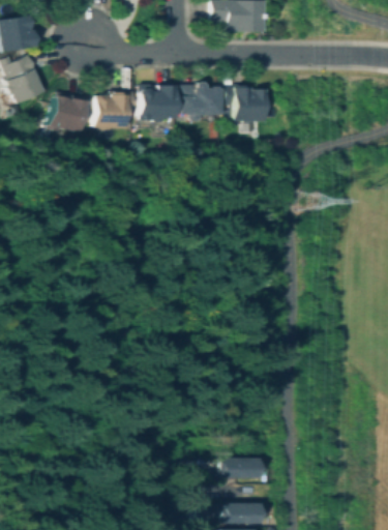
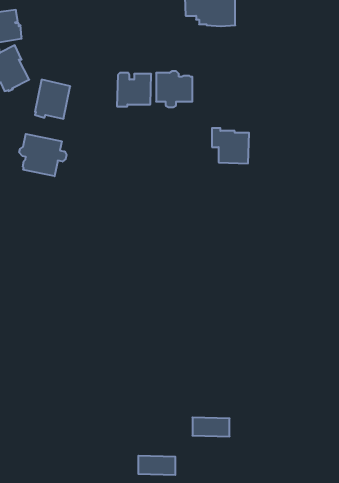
building: [228,84,268,122] -> [212,128,249,163]
building: [95,91,136,131] -> none
building: none -> [19,134,67,176]
building: [222,503,263,524] -> [138,456,175,475]

